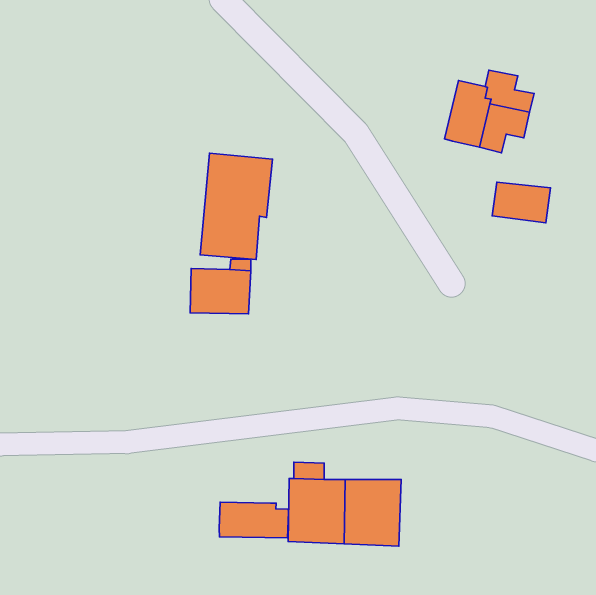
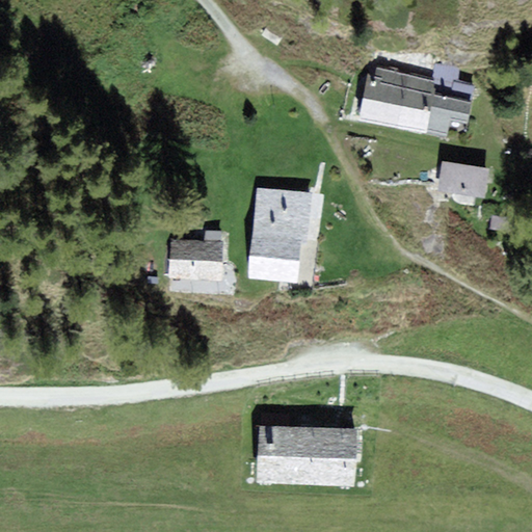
building: none -> [361,65,408,124]
building: [200,153,272,259] -> [248,187,313,282]
building: [219,502,289,538] -> none

